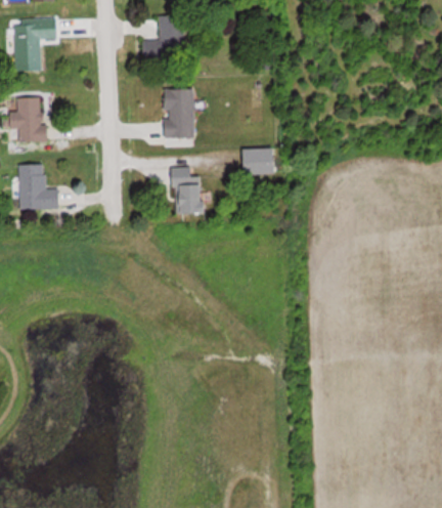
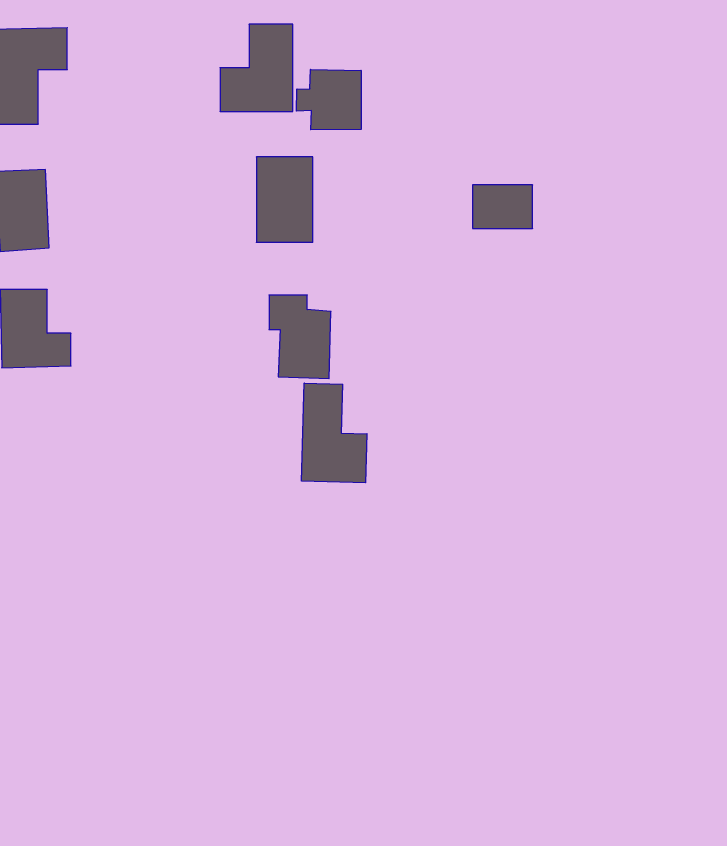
building: none -> [296,69,361,130]
building: [240,149,274,173] -> [473,185,533,228]
building: none -> [302,383,367,483]

